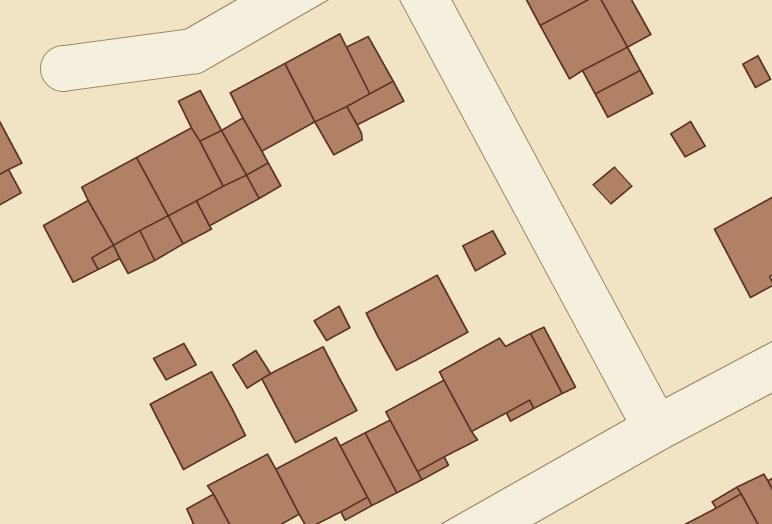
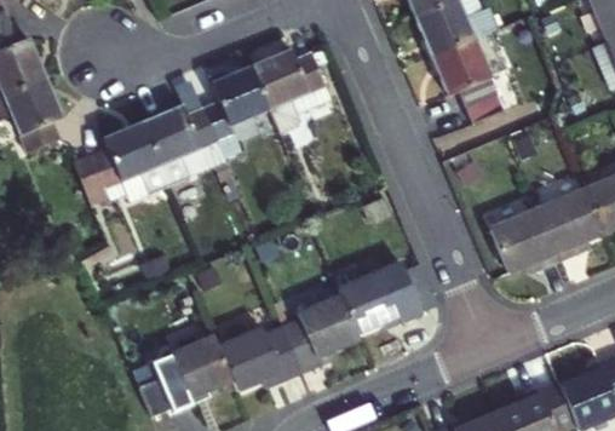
building: none -> [490,208,559,272]
building: [366,275,468,370] -> none
building: [262,347,357,443] -> none
building: [150,372,246,469] -> none

